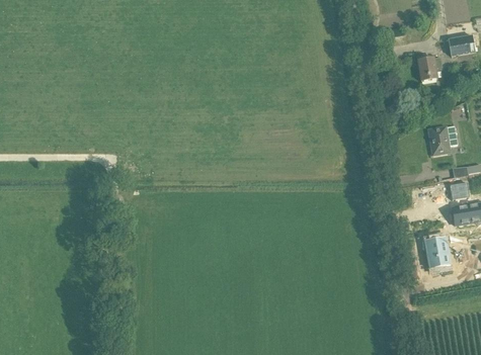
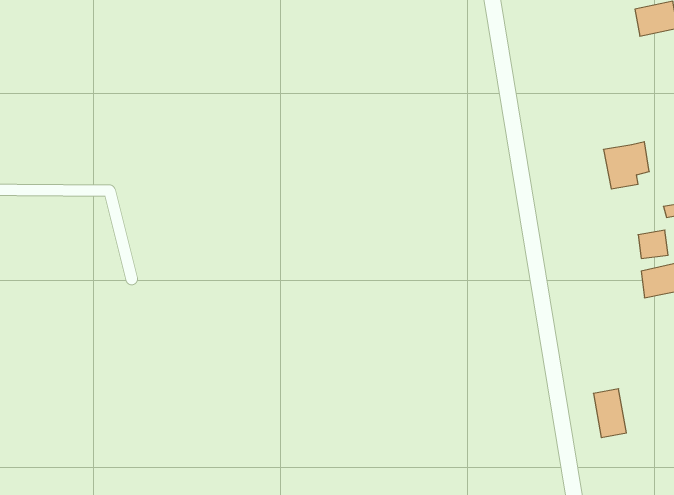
building: [417,57,440,80] -> none
building: [425,236,447,267] -> [593,389,626,438]

